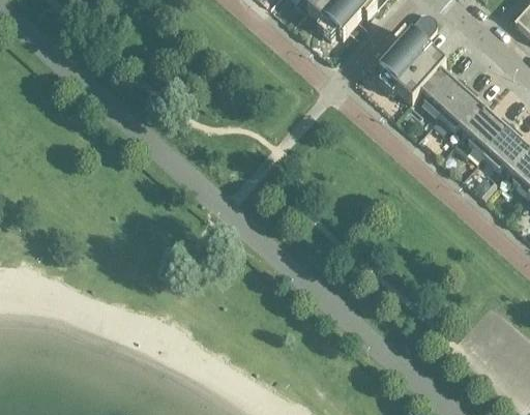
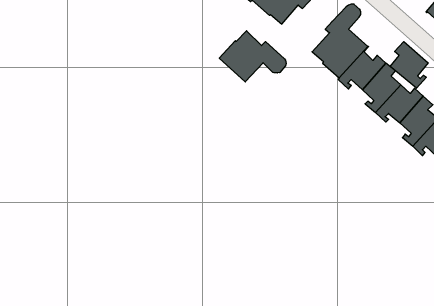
building: none -> [219,31,286,82]
building: none -> [390,42,428,88]

